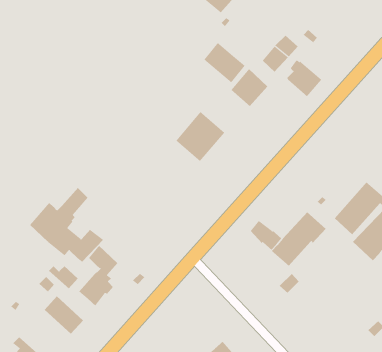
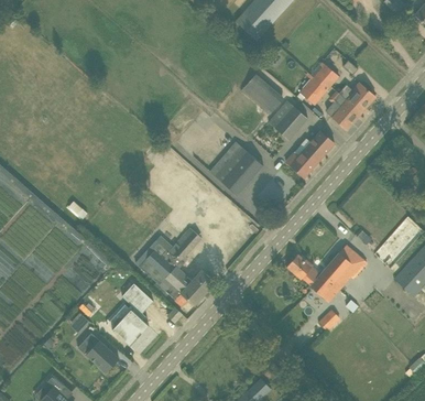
building: none -> [339,82,375,111]
building: none -> [286,130,335,177]
building: [29,187,104,263] -> [140,227,216,304]

